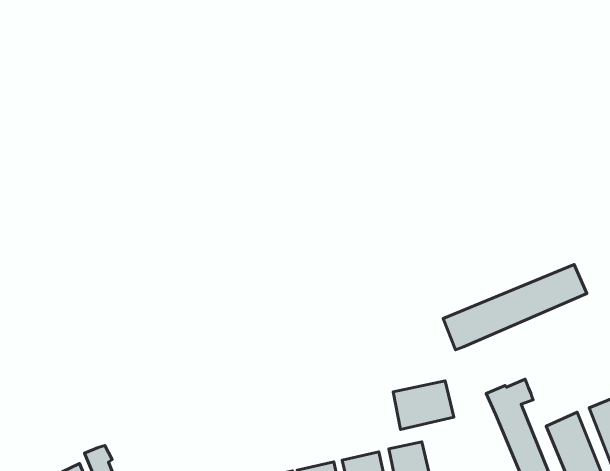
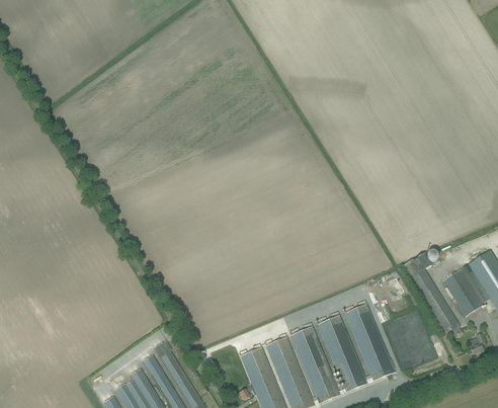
building: [443,265,587,350] -> none
building: [393,381,454,429] -> none

